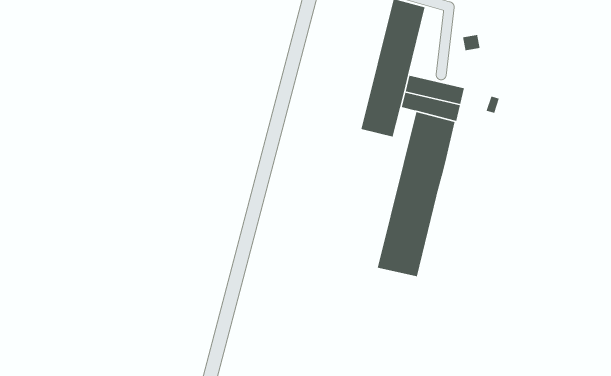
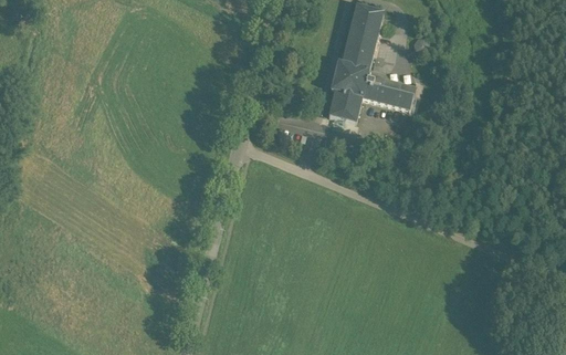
building: [377,111,456,277] -> none

